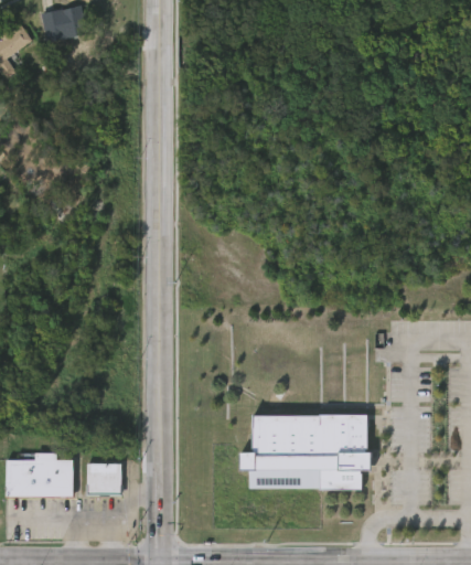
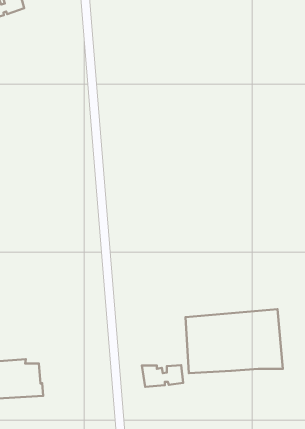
building: [85,463,121,495] -> none
building: none -> [142,365,183,387]

